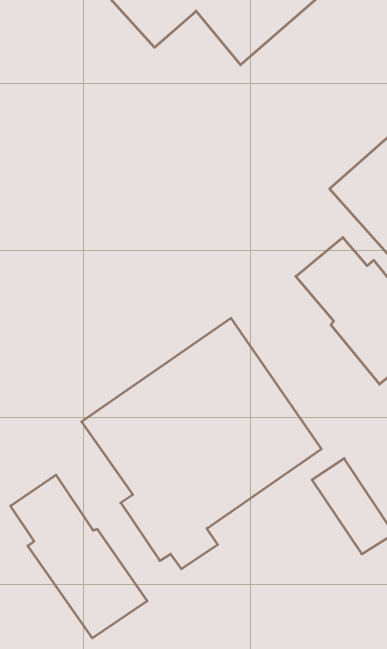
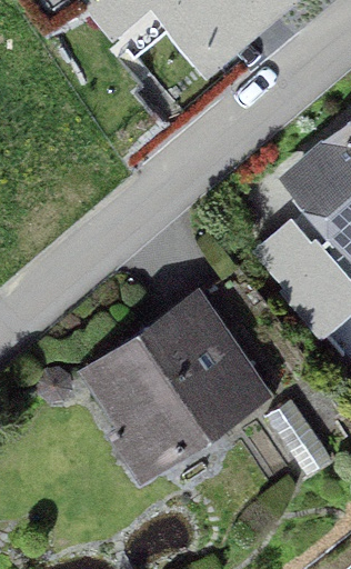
building: [11,475,147,638] -> none

